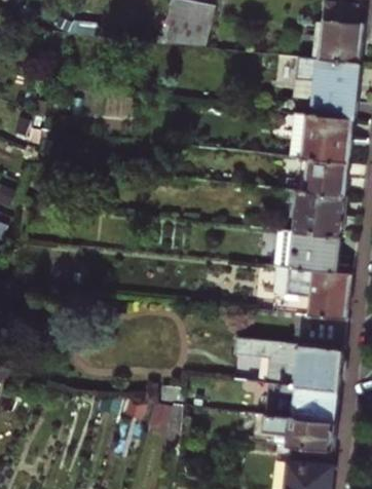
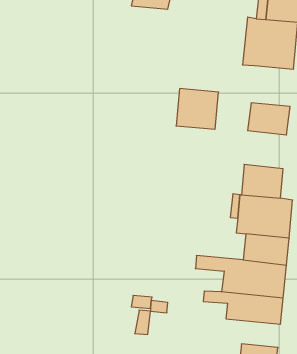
building: [300,115,350,163] -> [176,89,219,129]
building: [292,192,342,237] -> none
building: [253,414,335,449] -> none

